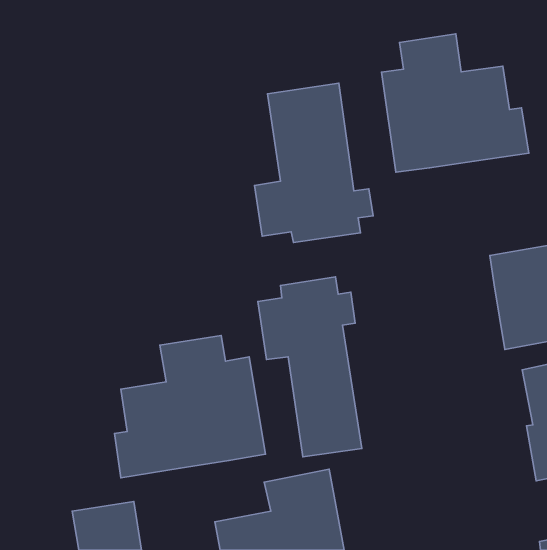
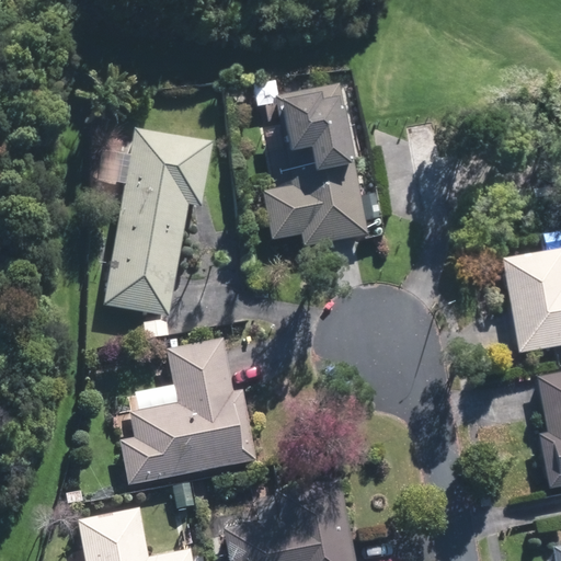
building: [381,34,529,172] -> none
building: none -> [103,131,210,318]
building: [258,277,362,457] -> none

